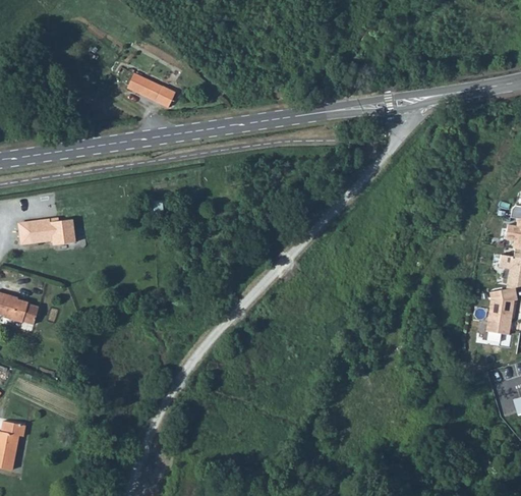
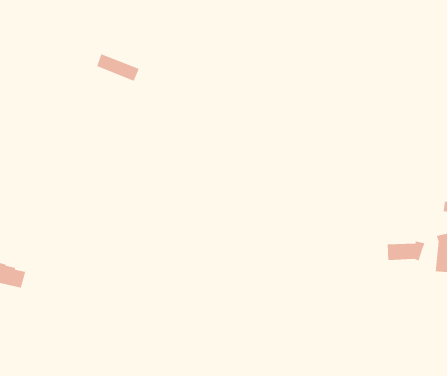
building: [27,217,75,243] -> none
building: none -> [387,240,425,262]

